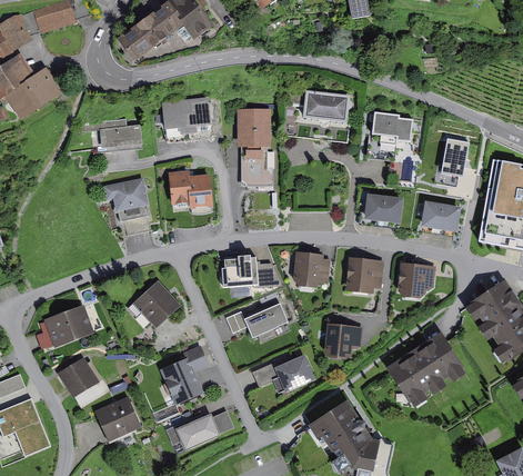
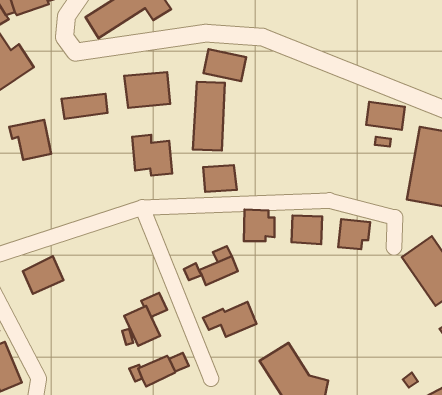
building: [303,90,351,126] -> [203,49,246,81]
building: [372,110,412,142] -> none
building: [103,178,150,222] -> [9,120,51,160]
building: [365,192,403,225] -> none
building: [422,201,459,232] -> none
building: [219,256,257,286] -> [203,165,237,192]
building: [132,280,179,326] -> none
building: [324,325,363,356] -> none
building: [388,330,466,405] -> none
building: [59,357,104,406] -> none
building: [94,396,140,439] -> none

